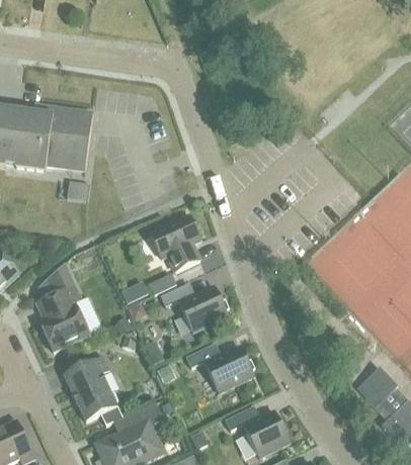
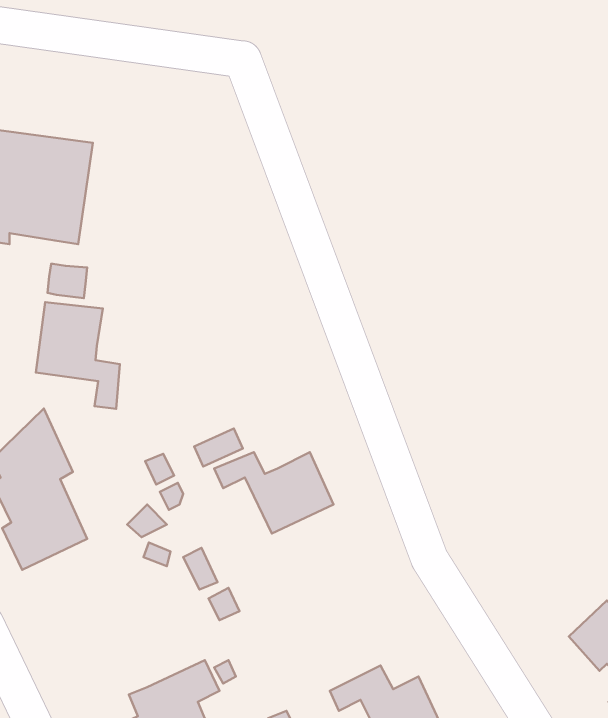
building: none -> [36,302,120,409]
building: [150,215,200,271] -> none
building: [185,347,253,392] -> none
building: [63,355,122,426] -> none

